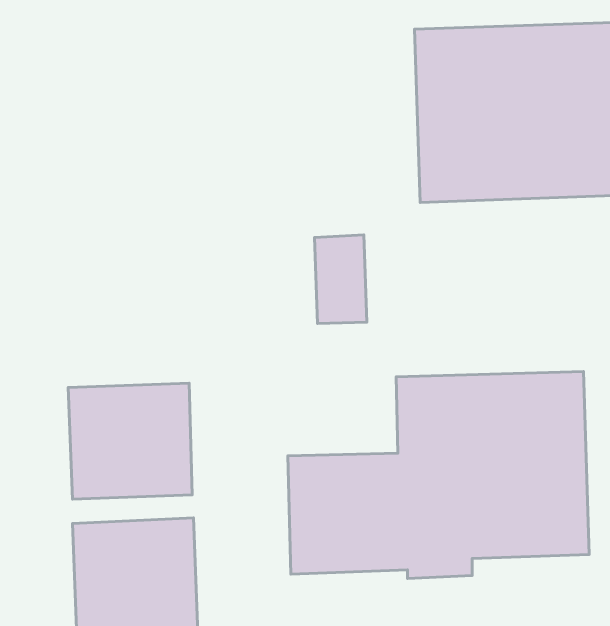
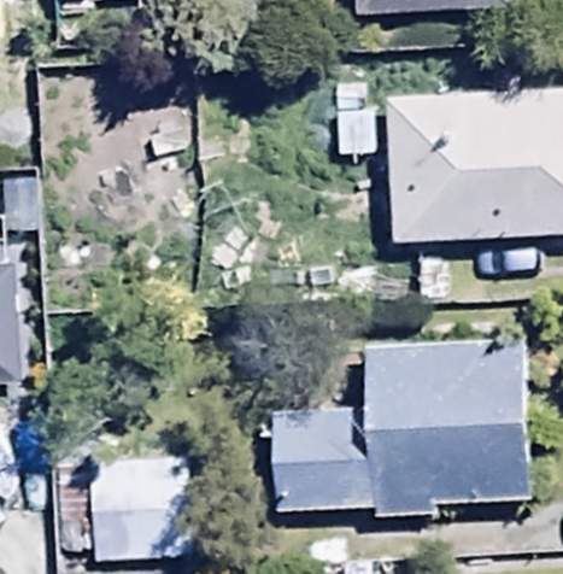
building: [68,383,192,499] -> none

